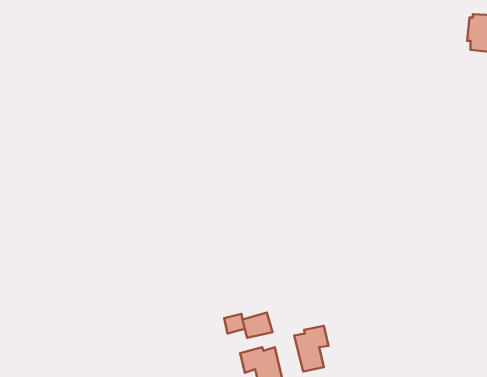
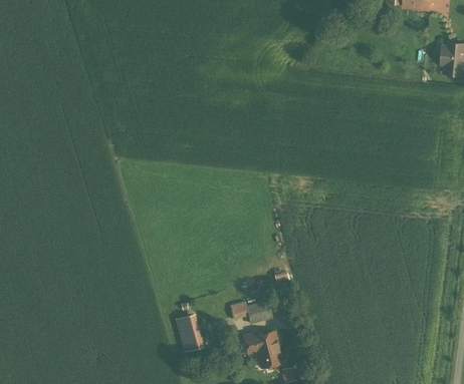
building: [294,326,329,372] -> none
building: none -> [176,314,204,351]

